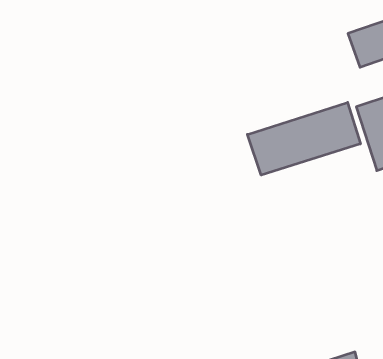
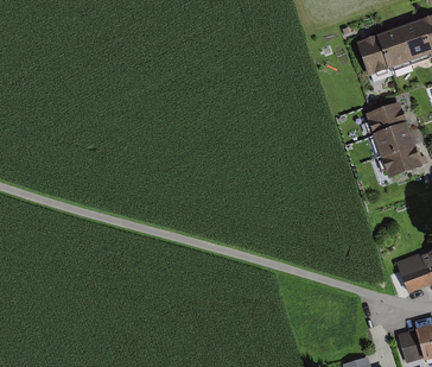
building: [247,102,360,175] -> none

